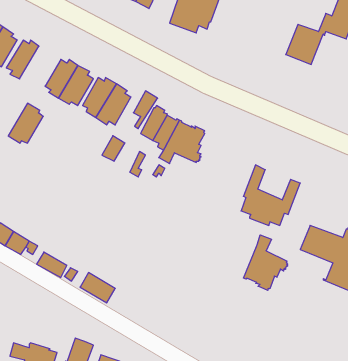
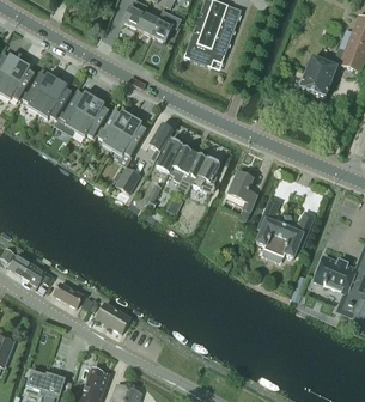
building: [8,103,43,143] -> [36,79,71,118]
building: none -> [227,171,256,220]
building: [244,235,288,290] -> none

